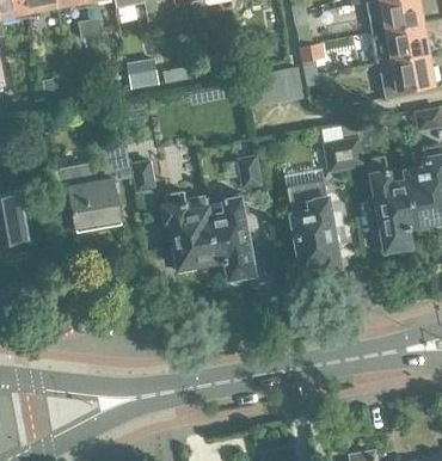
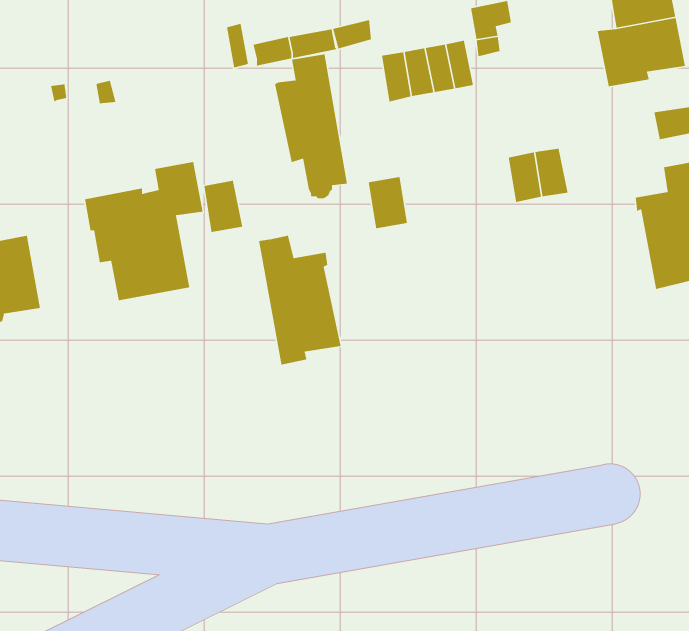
building: [369,155,416,254] -> none
building: [284,180,340,271] -> none
building: [207,192,253,284] -> [274,53,348,199]

